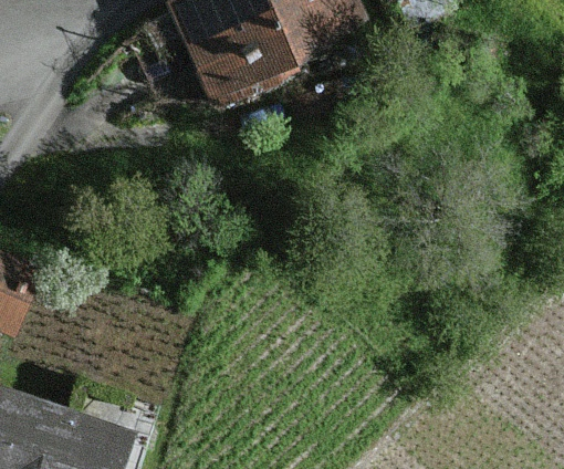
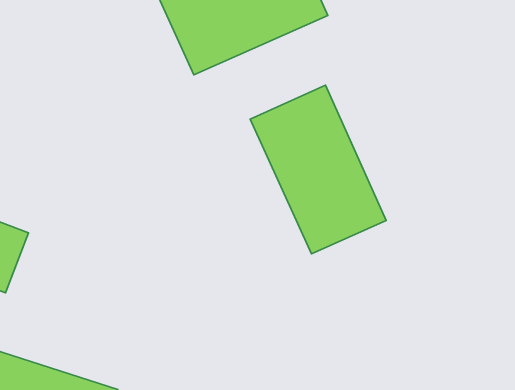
building: none -> [250,85,386,254]

